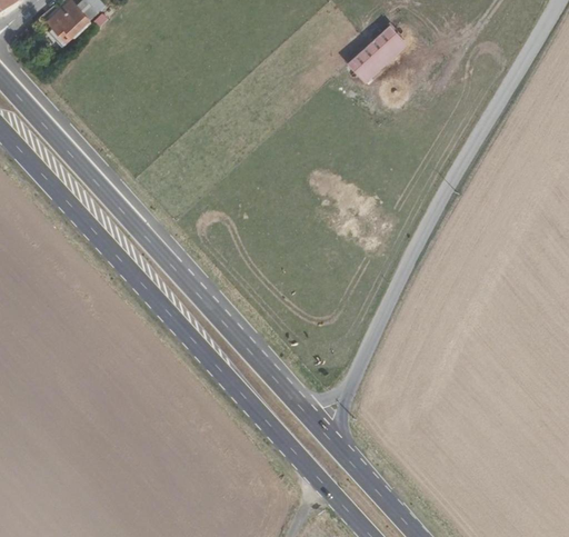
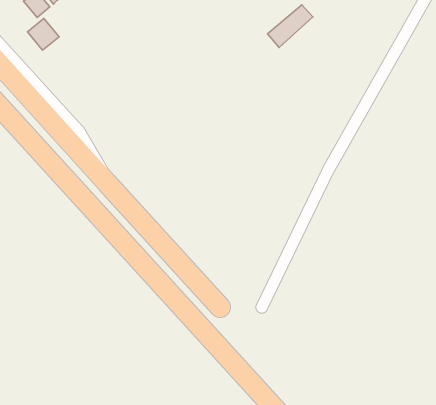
building: none -> [27,19,59,50]

